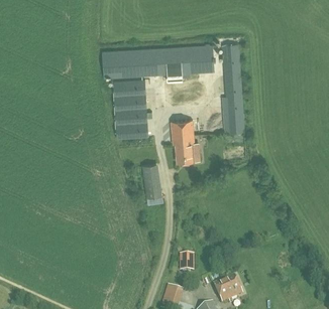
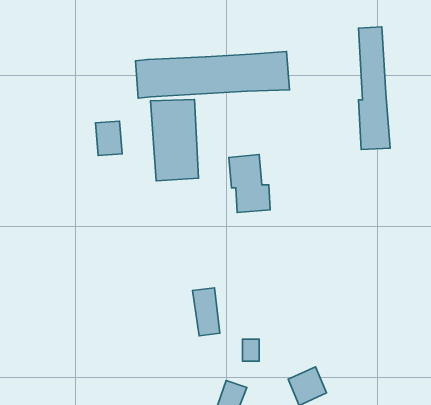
building: [222,44,245,134] -> [358,27,390,150]
building: none -> [95,121,122,155]
building: [142,164,162,199] -> [192,288,220,336]

